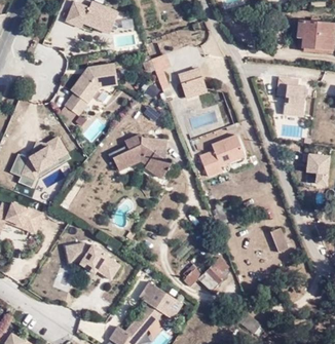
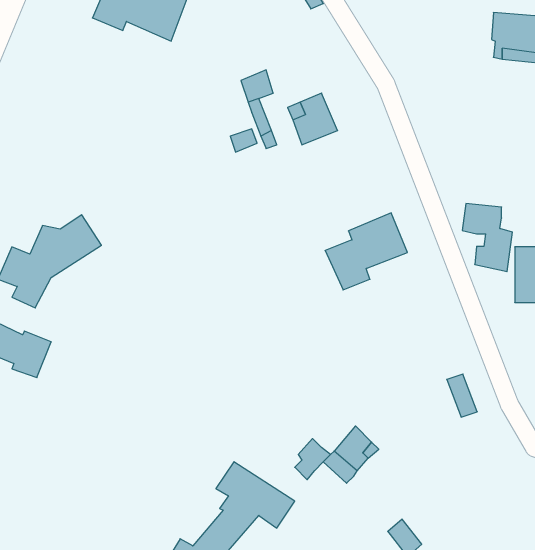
building: [66,63,118,115] -> none
building: [275,78,304,117] -> [462,204,512,272]
building: [111,136,169,179] -> none
building: [64,238,119,276] -> none

